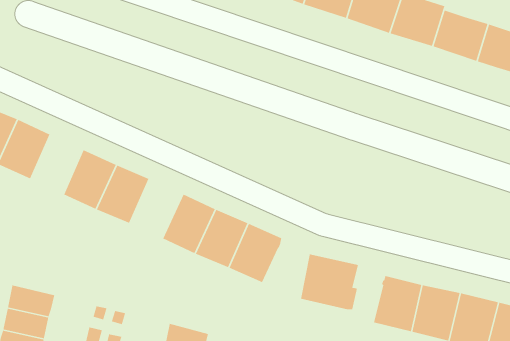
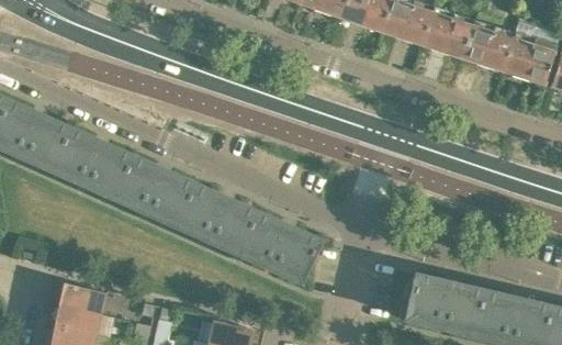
building: none -> [82,141,132,198]
building: none -> [176,182,226,240]
building: [300,254,359,310] -> none

